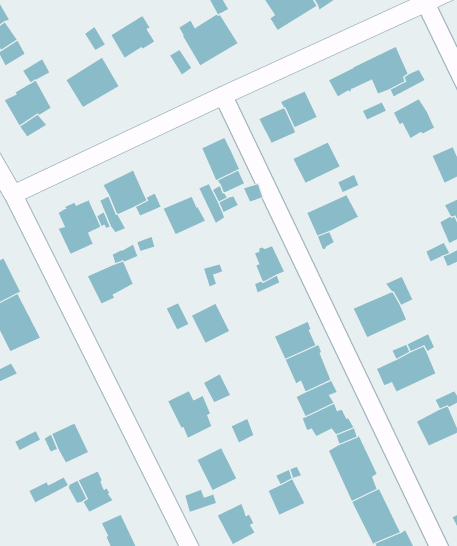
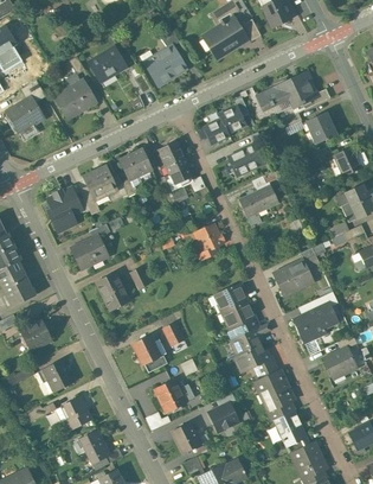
building: [163,196,206,235] -> [120,151,153,180]
building: [191,303,230,343] -> [97,273,127,304]
building: none -> [20,319,51,349]

